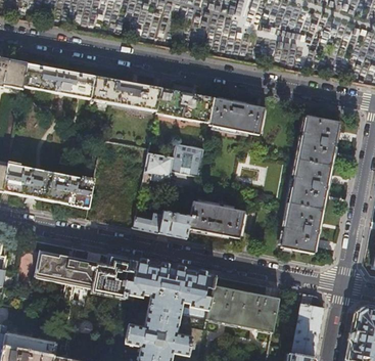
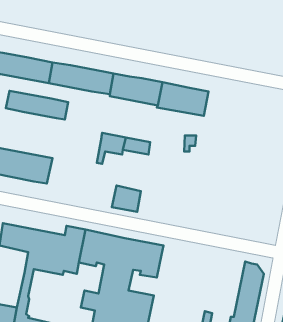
building: none -> [6,91,68,120]
building: [280,116,339,253] -> none
building: [174,143,203,163] -> none
building: [188,200,244,238] -> none
building: [134,210,162,233] -> none
building: [206,285,278,332] -> none

